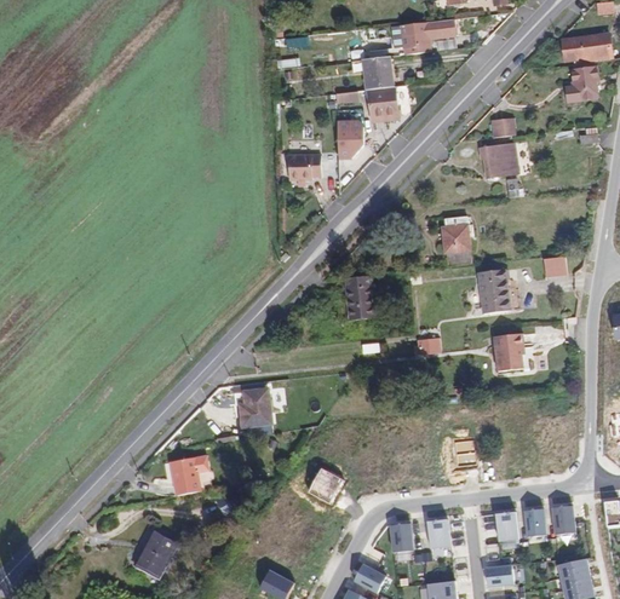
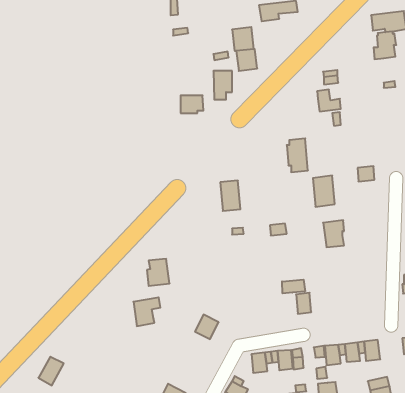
building: none -> [282,280,305,293]
building: [171,455,209,496] -> [133,297,160,326]
building: [138,532,174,574] -> [38,357,64,385]

